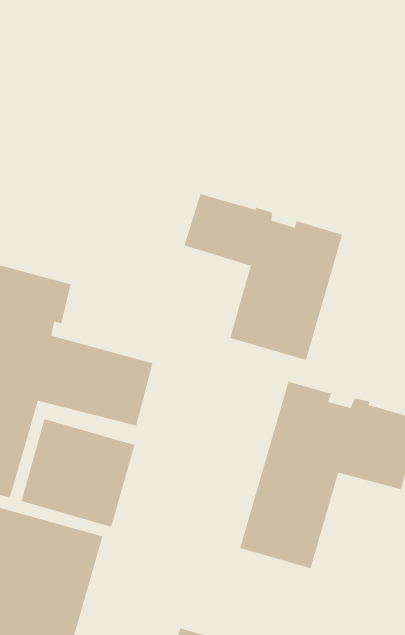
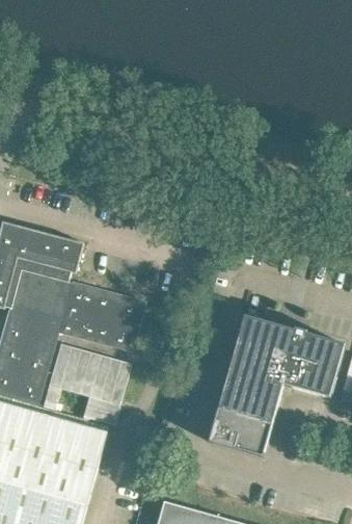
building: [184,193,343,361] -> none

